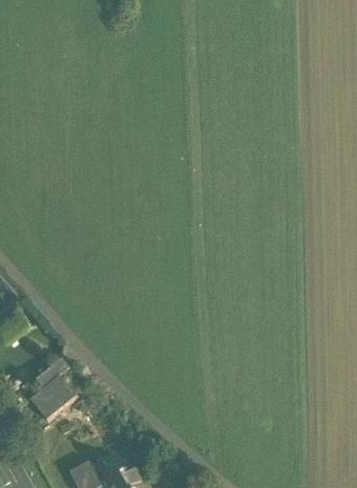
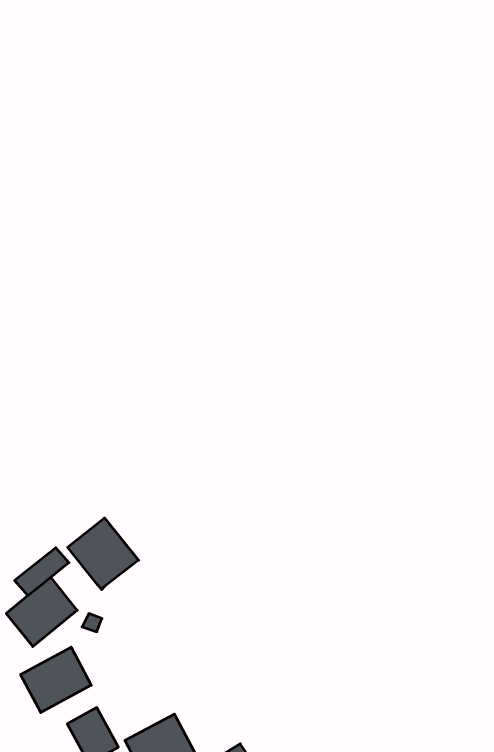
building: none -> [68,518,139,590]
building: none -> [21,647,91,713]

